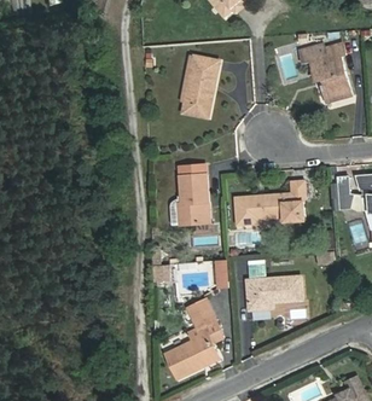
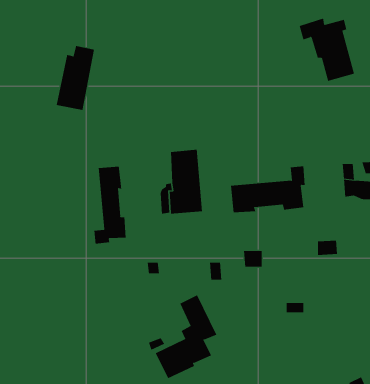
building: [181,57,217,117] -> [56,45,95,110]
building: none -> [94,166,126,245]
building: [246,277,301,309] -> none

